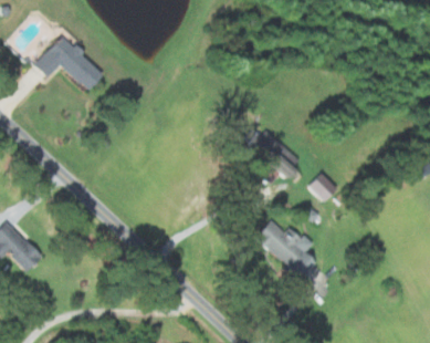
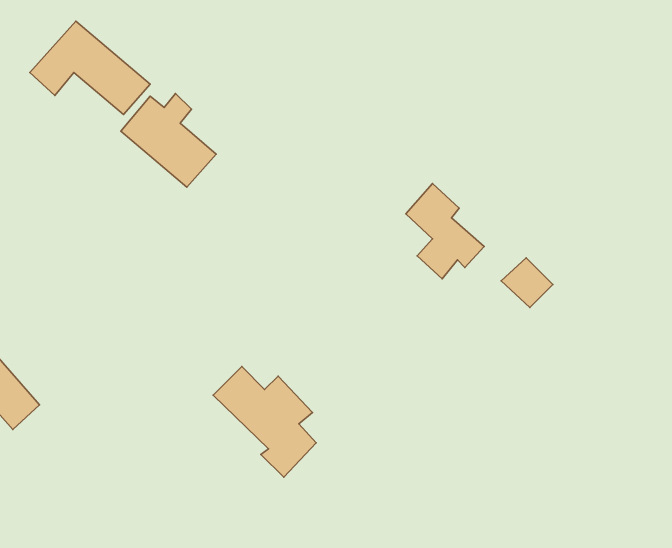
building: none -> [121,94,216,187]
building: [255,219,315,283] -> [213,367,316,477]

